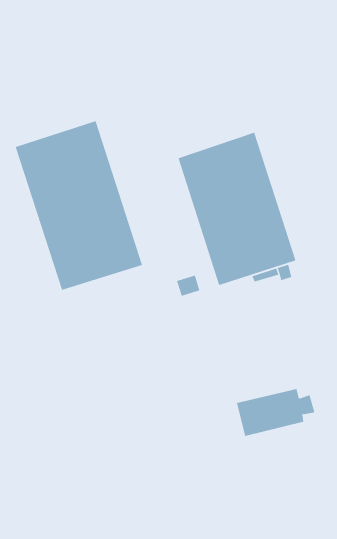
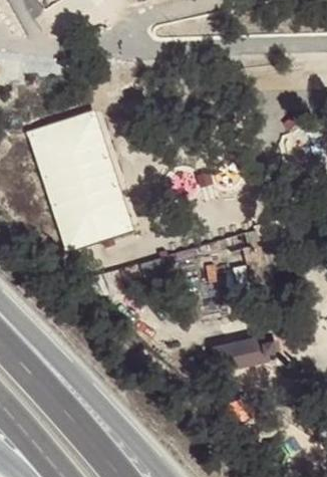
building: [178,132,296,286] -> none

